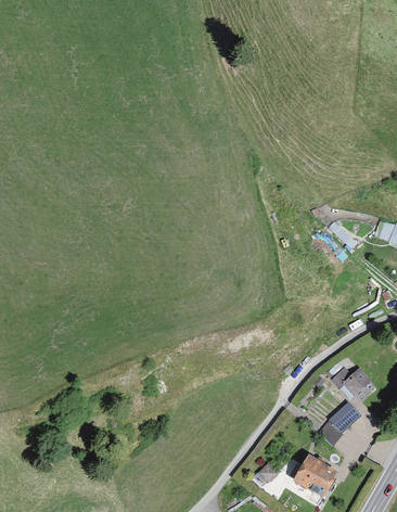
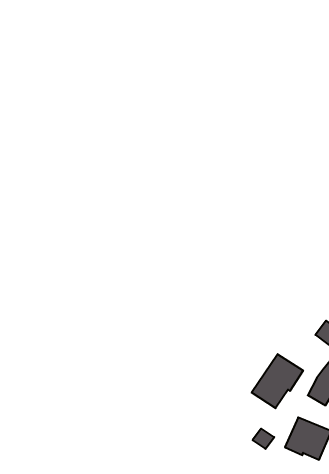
building: none -> [252,354,303,408]

